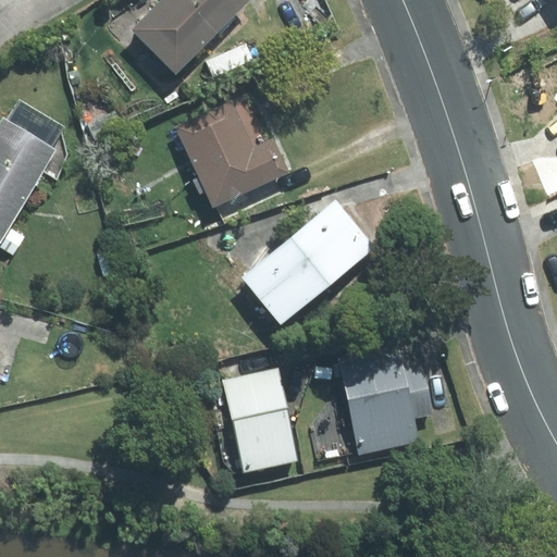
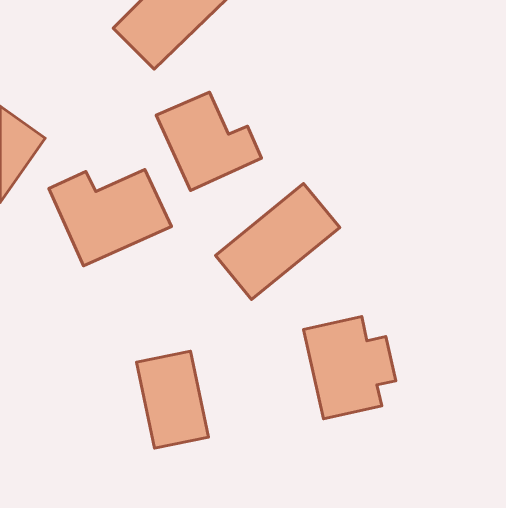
building: none -> [49,169,172,266]
building: [222,367,300,472] -> [136,351,209,448]

